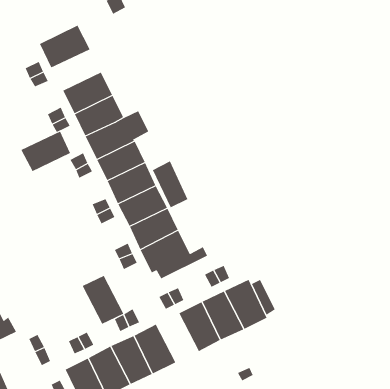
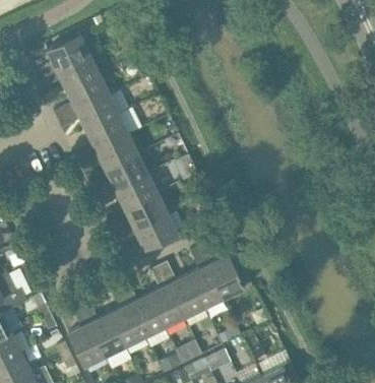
building: [21,131,71,172] -> [56,56,100,91]
building: [152,160,188,208] -> none
building: [82,275,124,324] -> [147,284,184,327]

